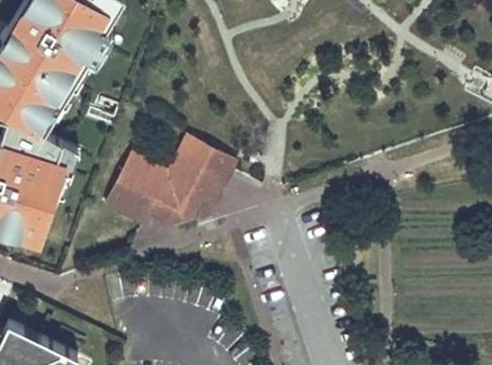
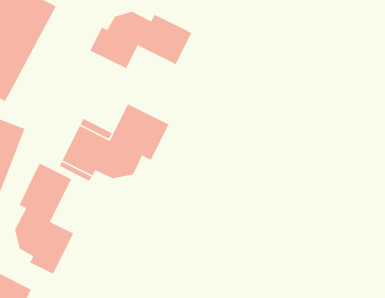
building: none -> [89,11,192,69]
building: none -> [14,162,74,275]

